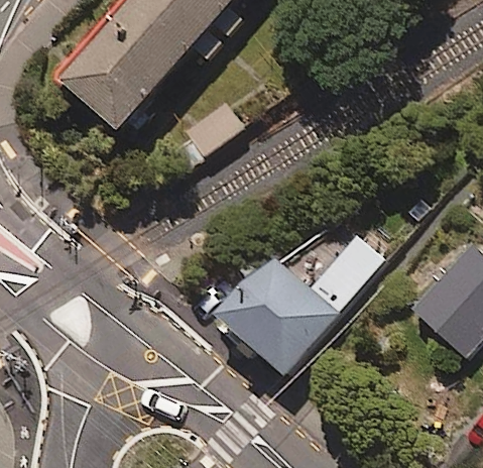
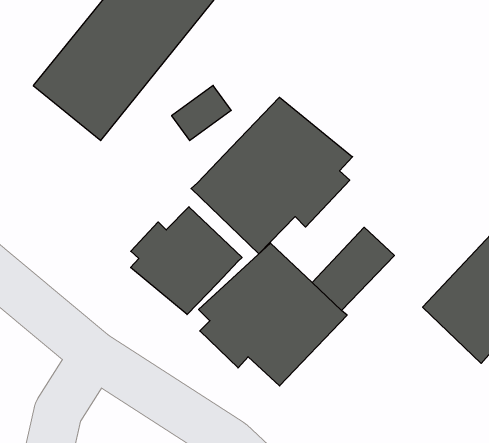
building: none -> [191,97,353,254]
building: none -> [131,207,242,315]

